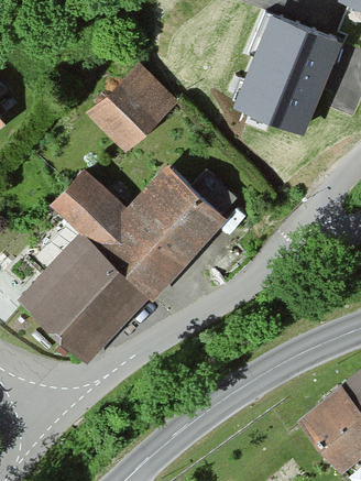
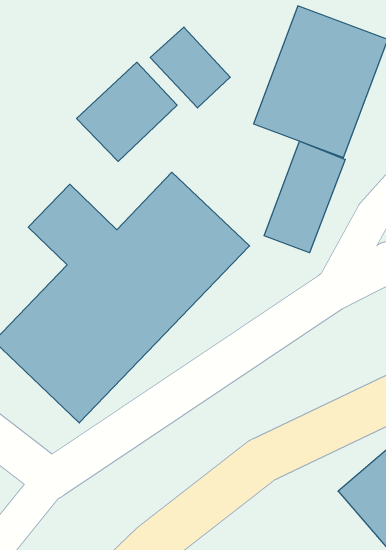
building: none -> [150,27,230,108]
building: none -> [264,141,345,253]

